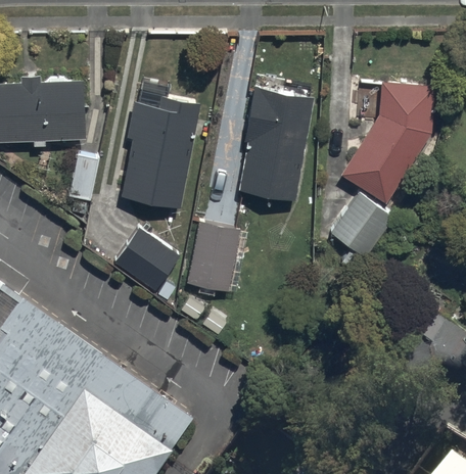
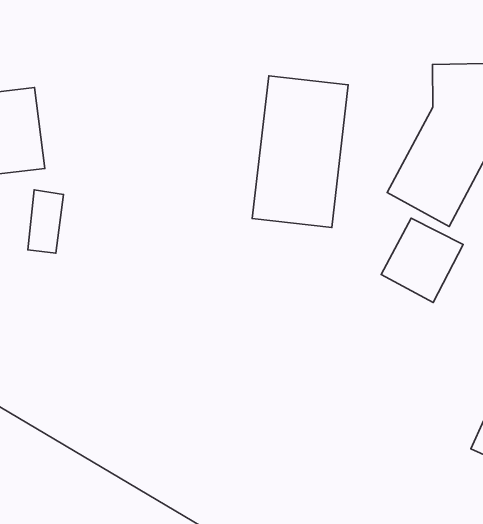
building: [119,89,201,209] -> none
building: [192,223,241,291] -> none
building: [115,229,179,290] -> none

